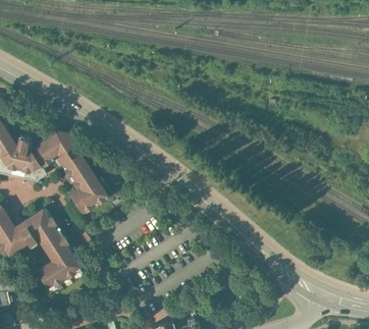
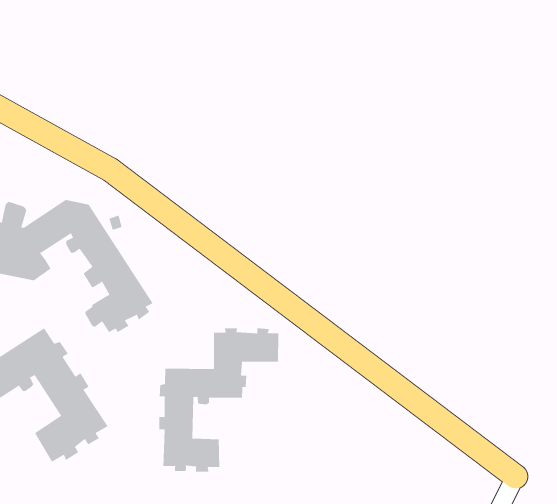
building: none -> [159,327,279,472]

